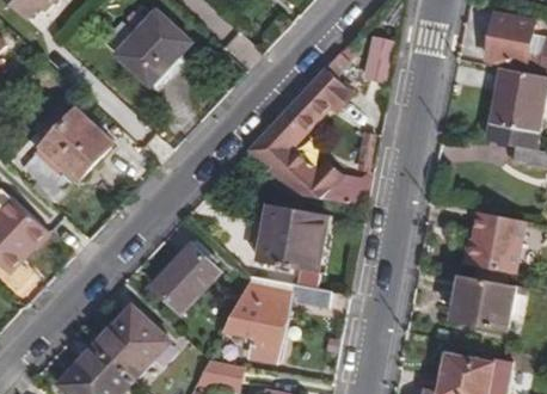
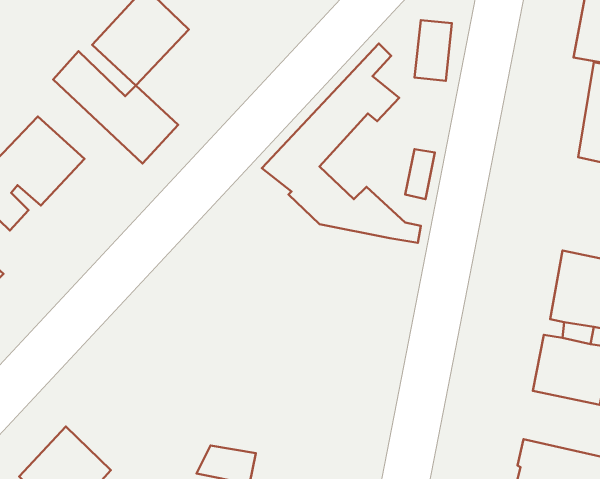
building: none -> [53,51,178,164]
building: [251,204,325,273] -> none
building: [150,244,217,313] -> none
building: [221,276,331,359] -> none
building: [96,308,165,380] -> none

